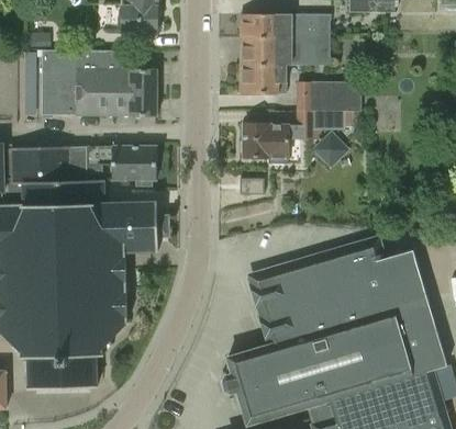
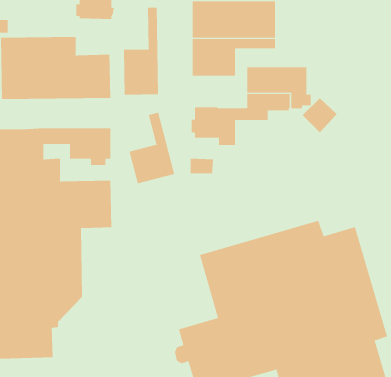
building: none -> [123,7,158,95]
building: none -> [129,112,175,184]
building: [313,132,351,169] -> [302,97,338,133]

